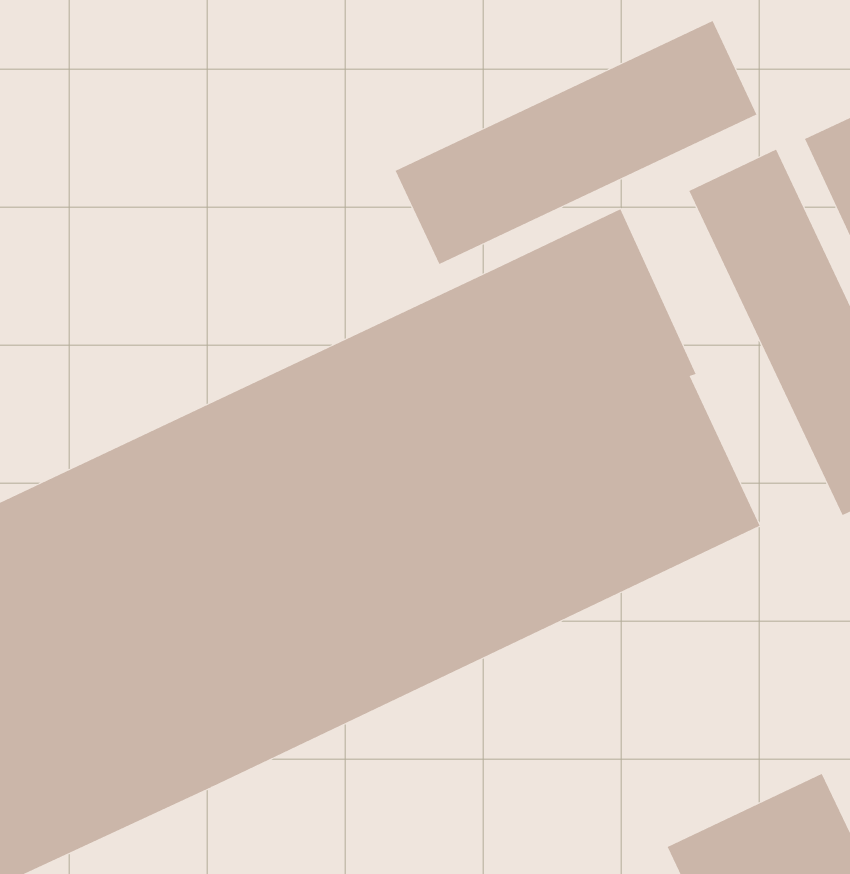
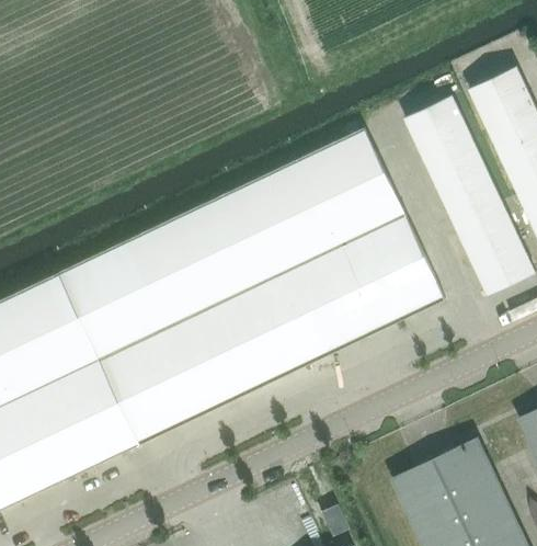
building: [395,20,757,265] -> none

